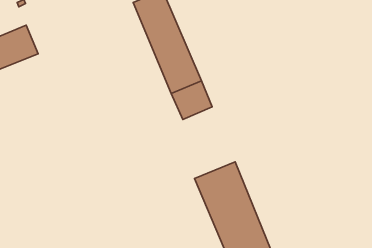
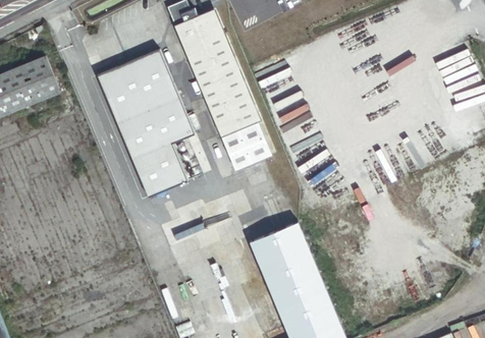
building: none -> [97,51,191,193]

